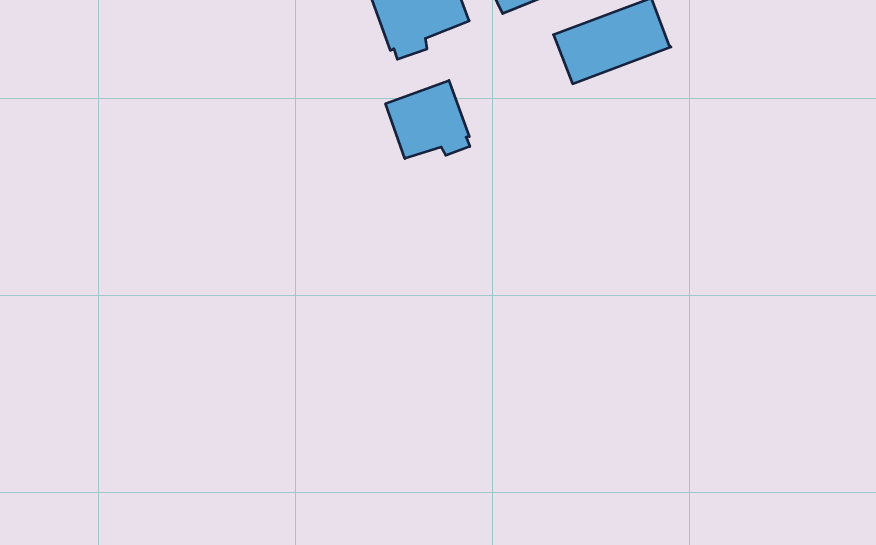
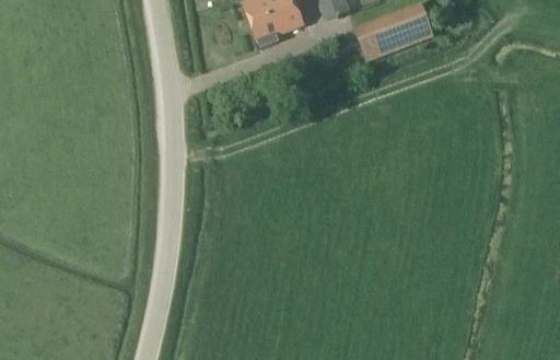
building: [386,80,470,159] -> none

